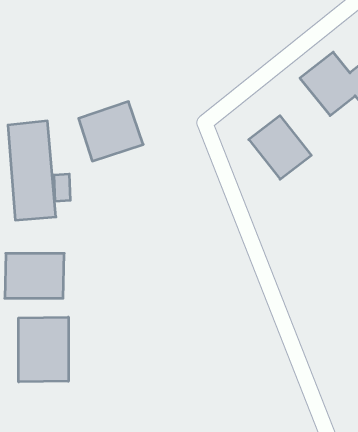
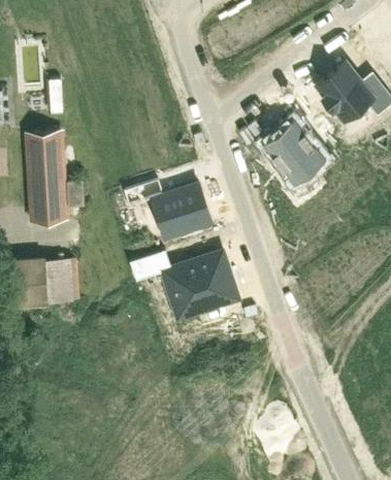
building: [79,102,143,161] -> [149,181,213,239]
building: none -> [129,251,239,321]
building: [19,317,68,382] -> none

